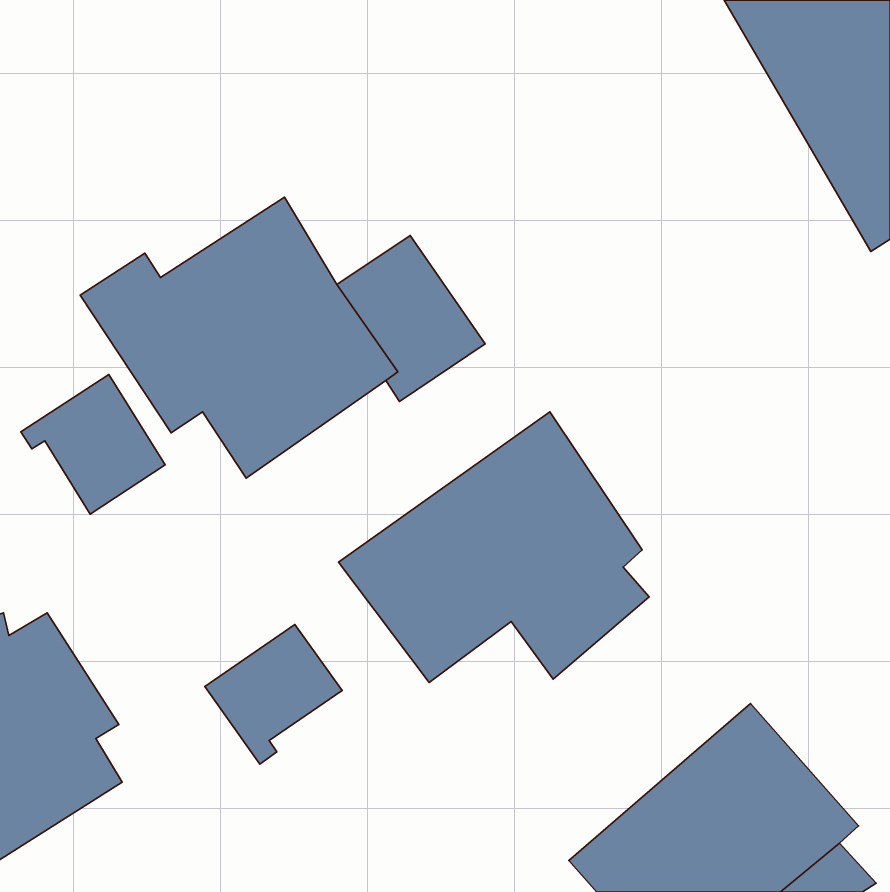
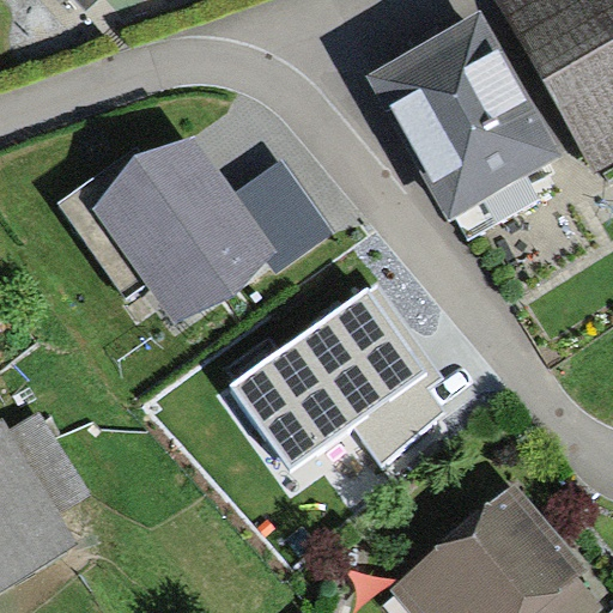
building: none -> [369,14,560,237]
building: [21,375,165,514] -> none
building: [205,625,342,764] -> none

